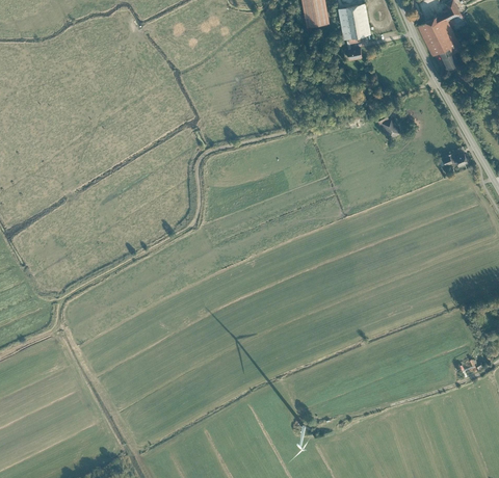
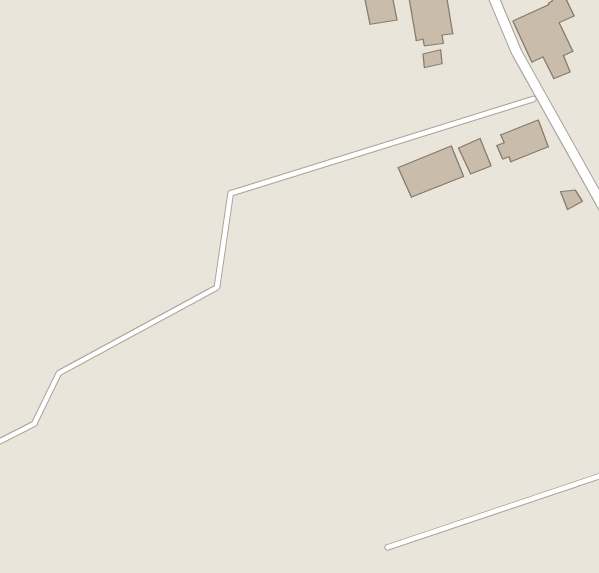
building: none -> [497,120,548,162]
building: none -> [398,146,463,197]

